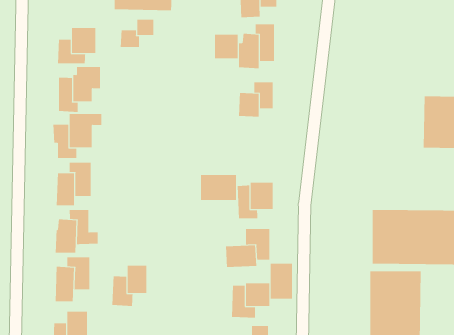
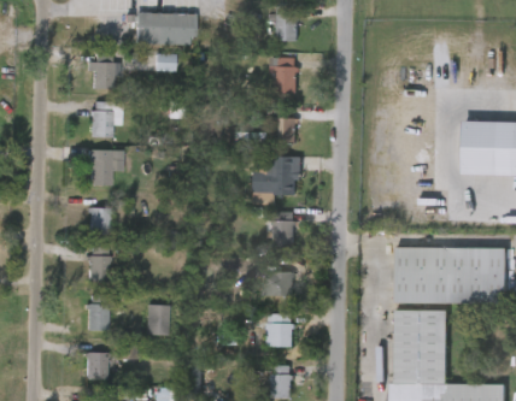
building: [215,34,238,59] -> none
building: [200,174,237,200] -> [264,167,301,194]
building: [270,263,293,300] -> none

